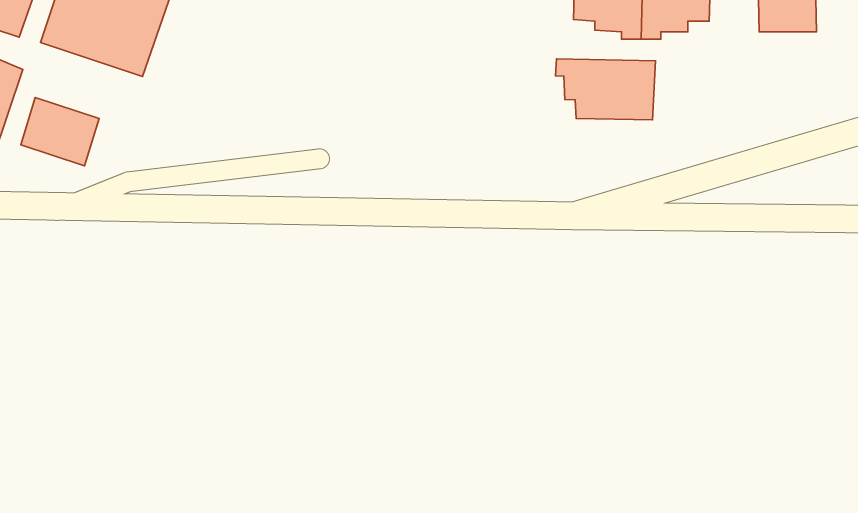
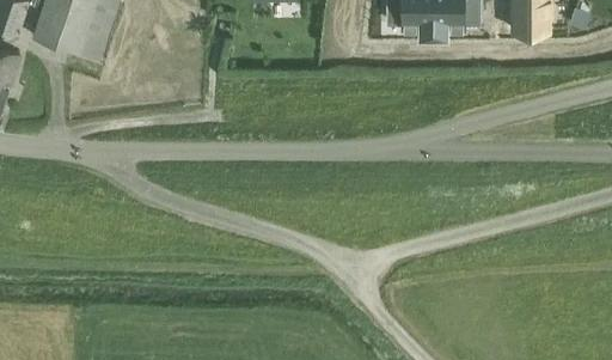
building: [556,59,655,120] -> none
building: [21,97,99,166] -> none

